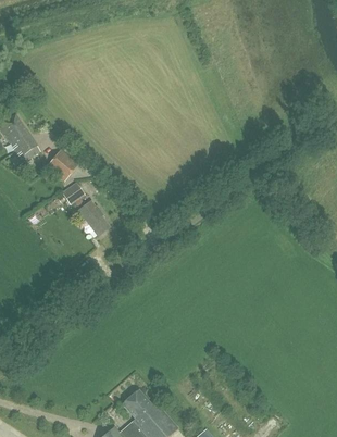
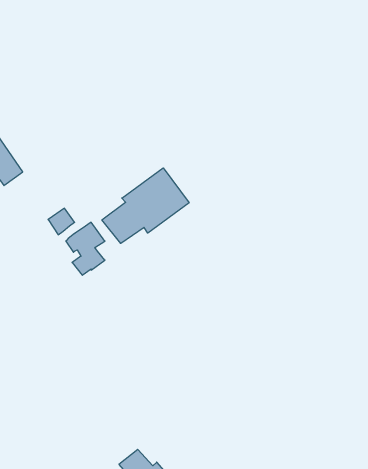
building: none -> [102,168,189,243]
building: [46,148,77,180] -> none

